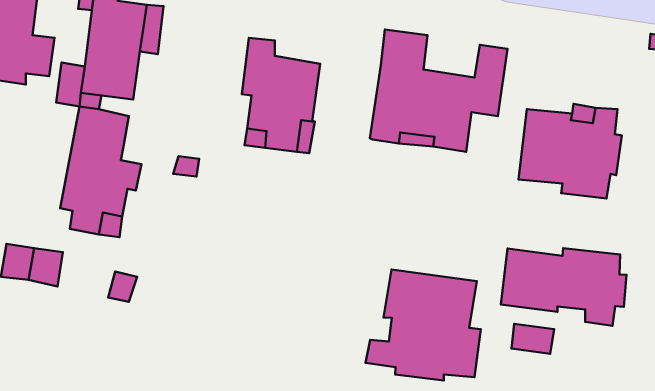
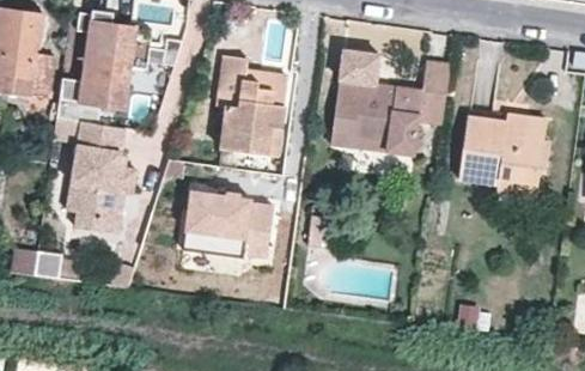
building: none -> [177,188,270,255]
building: [501,248,627,326] -> none
building: [365,269,481,380] -> none

